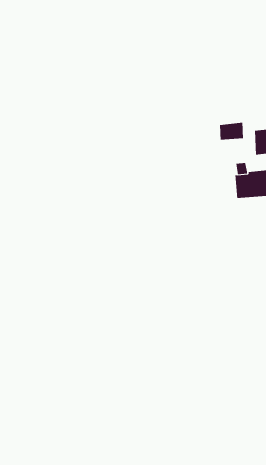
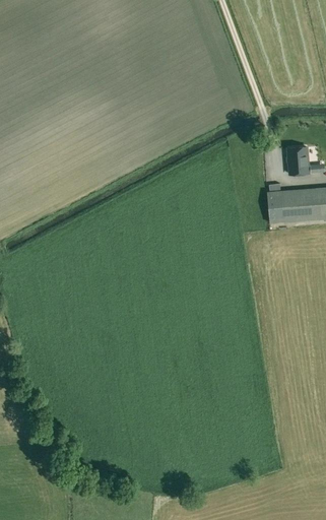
building: [220,122,244,141] -> none

